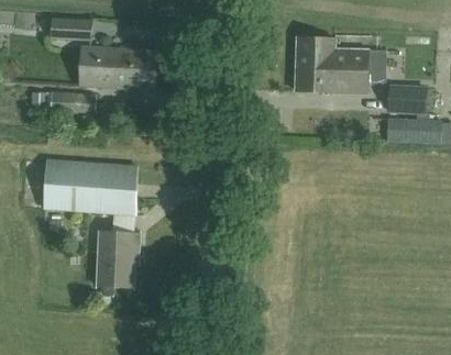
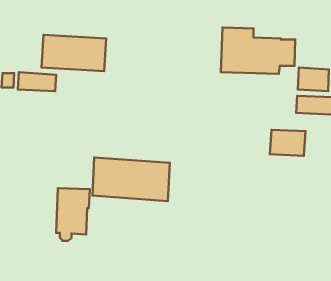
building: [50,16,90,41] -> none
building: none -> [270,130,305,156]
building: [43,160,136,213] -> [92,157,170,201]

